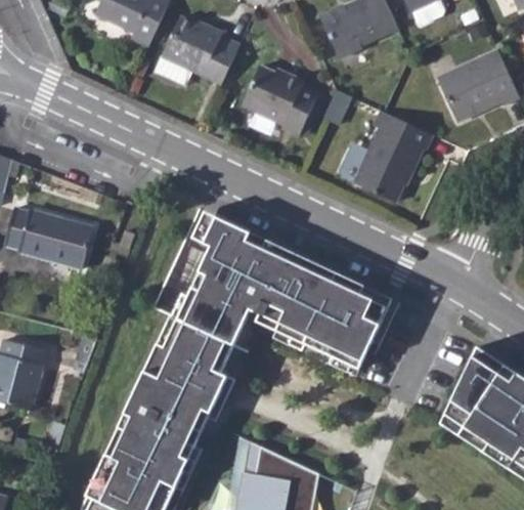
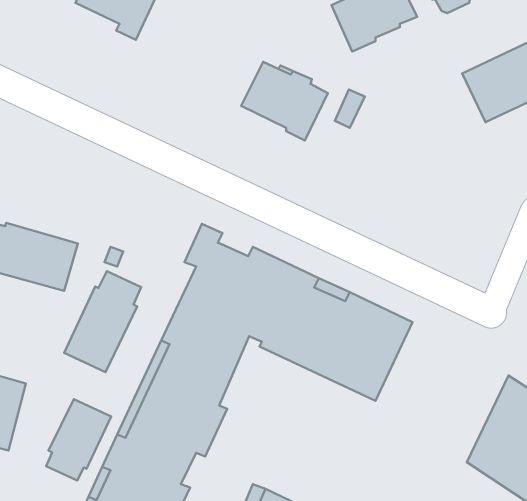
building: [162,19,237,85] -> none
building: [354,113,431,204] -> none
building: none -> [64,271,141,372]
building: none -> [46,399,111,481]

